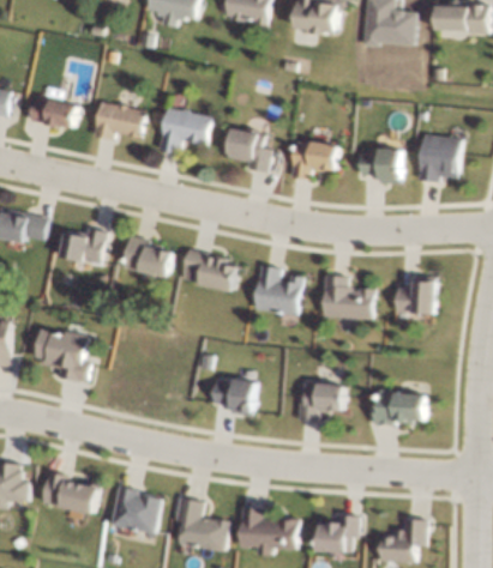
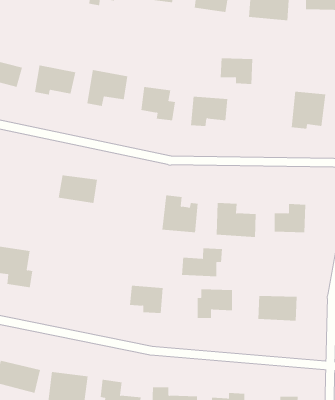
building: [359,150,401,183] -> [220,58,253,84]
building: [61,228,106,262] -> none
building: [181,250,240,291] -> none
building: none -> [182,248,223,277]

